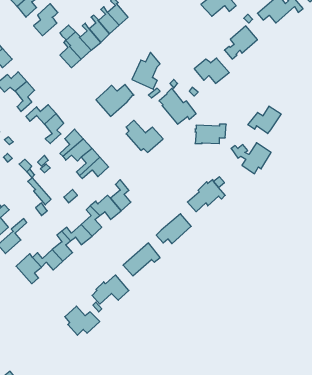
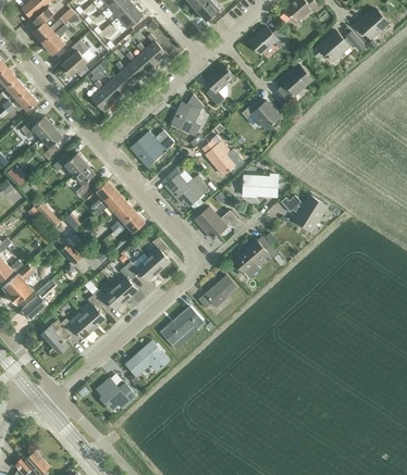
building: none -> [203,64,233,105]
building: [248,106,281,134] -> none
building: none -> [195,208,239,239]

